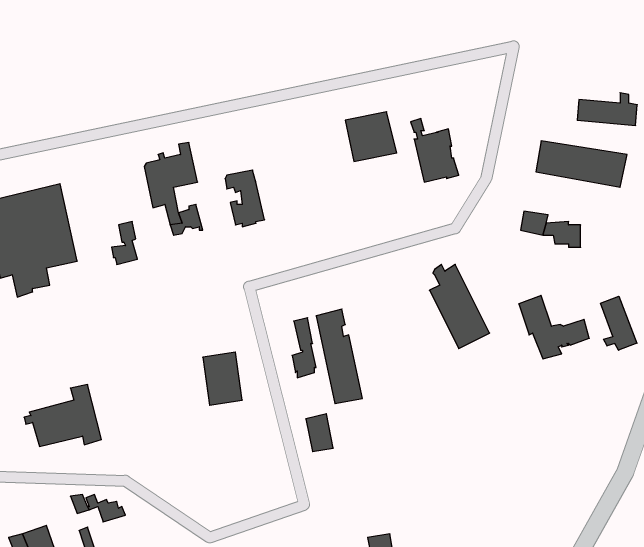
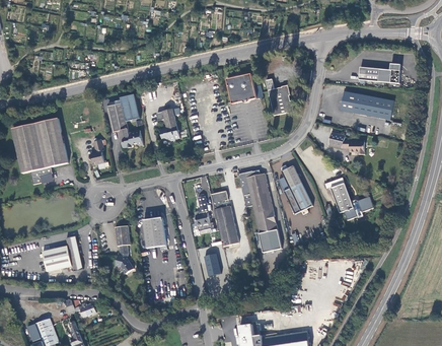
building: none -> [237,169,280,253]
building: [600,296,637,350] -> none
building: none -> [115,225,134,273]

